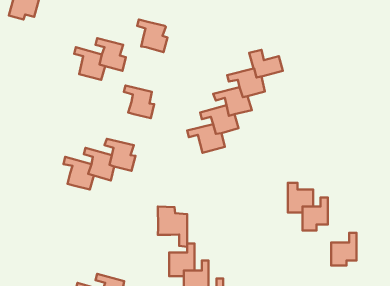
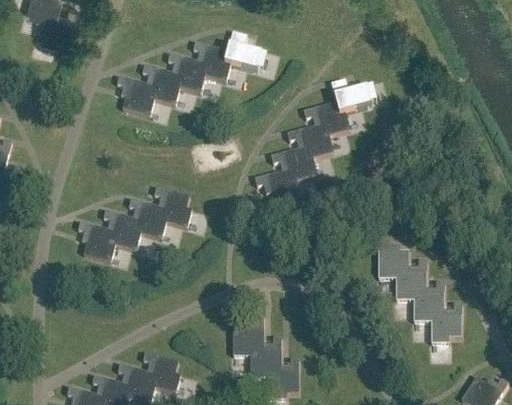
building: none -> [224,31,261,71]
building: [124,85,154,118] -> [167,53,204,93]
building: none -> [77,222,115,262]
building: [158,206,187,247] -> none
building: none -> [412,282,443,322]

